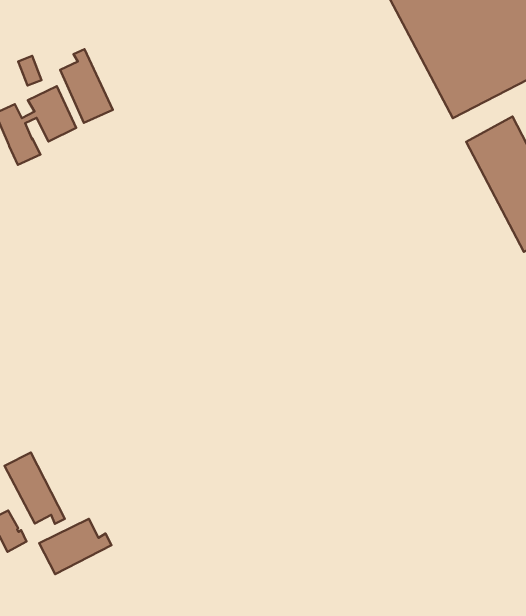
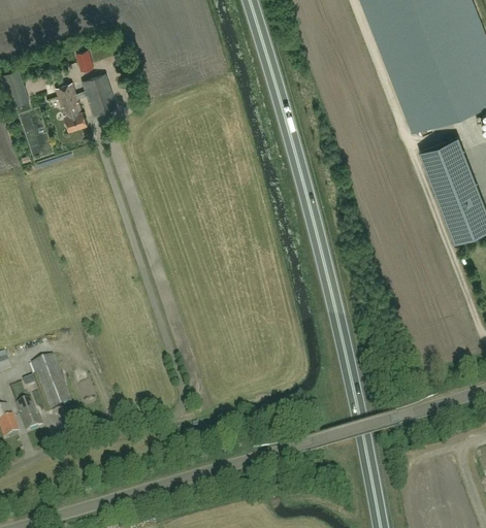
building: [60,49,113,123] -> none
building: [39,519,111,574] -> none

